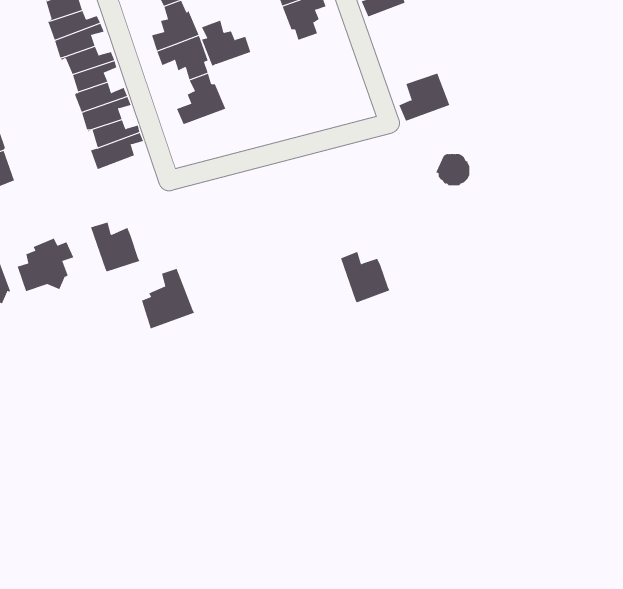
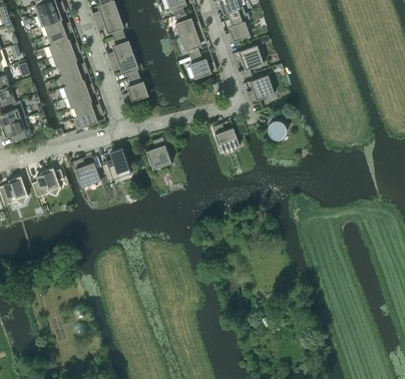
building: none -> [231,44,263,69]
building: [201,20,251,67] -> [188,52,217,78]
building: none -> [145,136,170,168]
building: [340,251,390,303] -> [212,122,240,151]
building: [141,268,195,329] -> [101,146,131,180]

